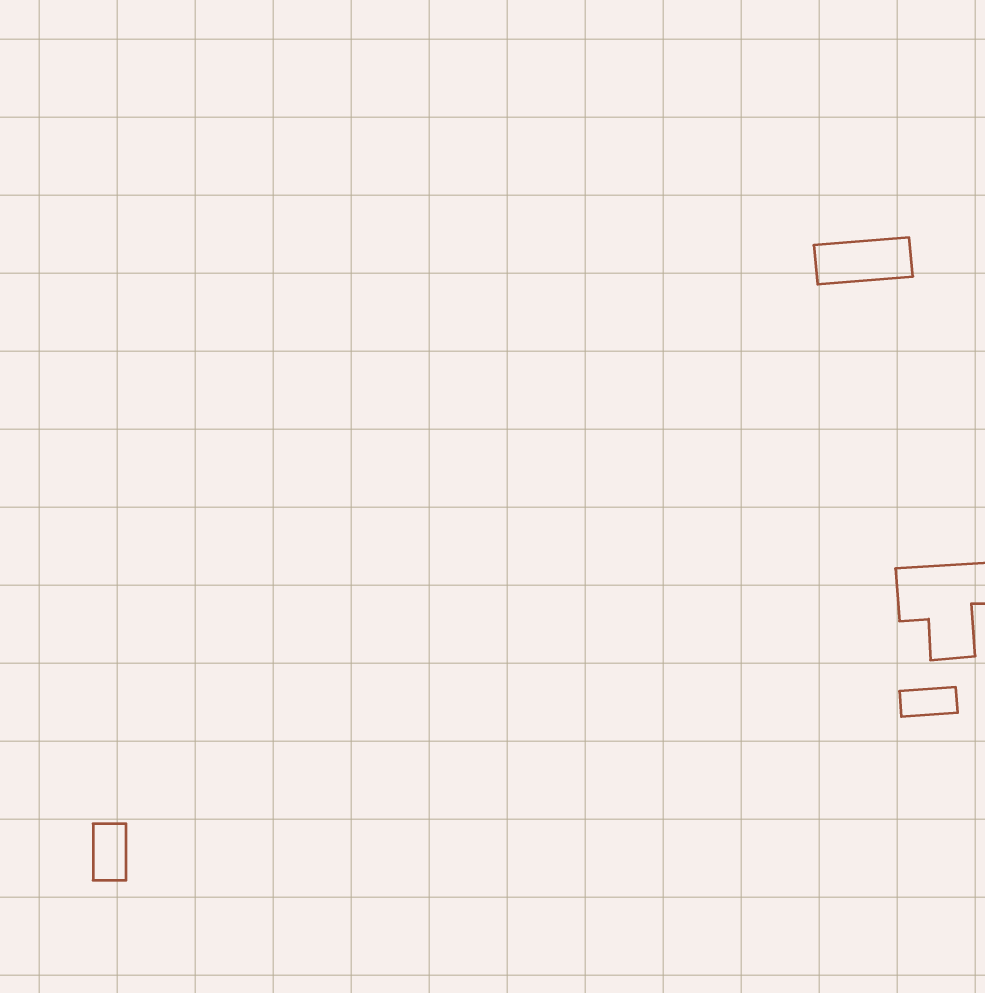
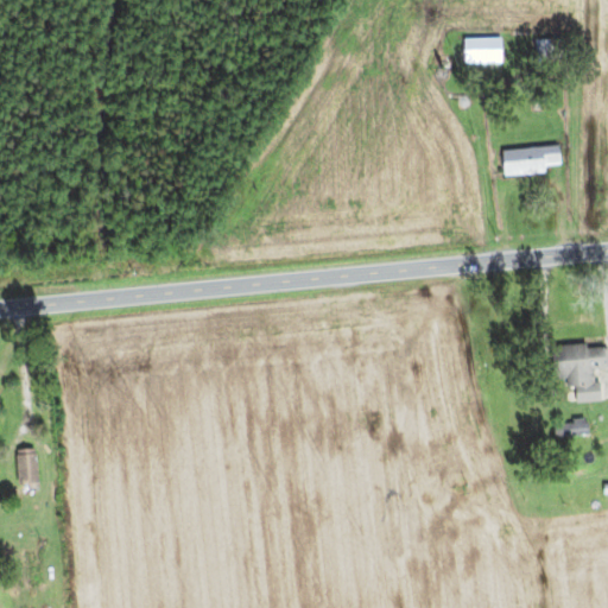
building: none -> [466,38,505,63]
building: [93,824,126,880] -> [19,449,39,483]

